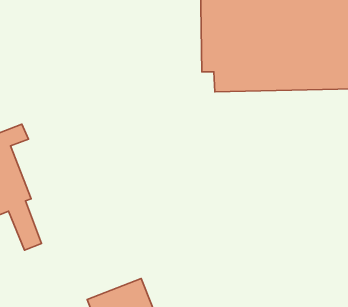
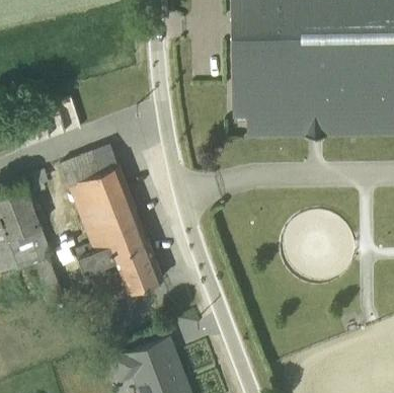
building: none -> [60,153,161,293]

